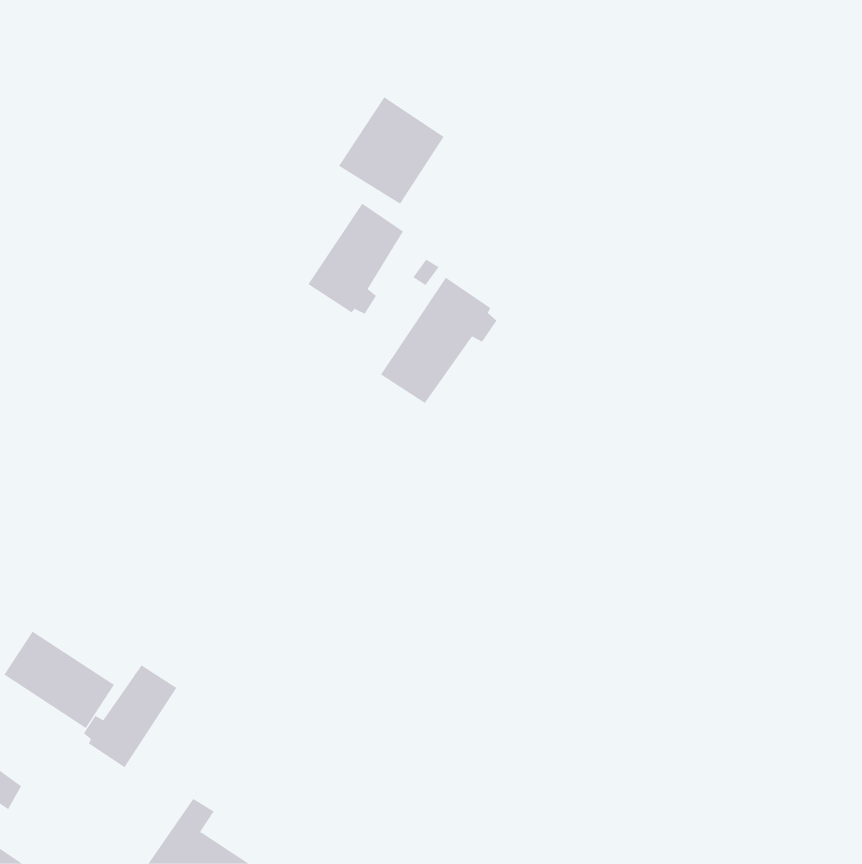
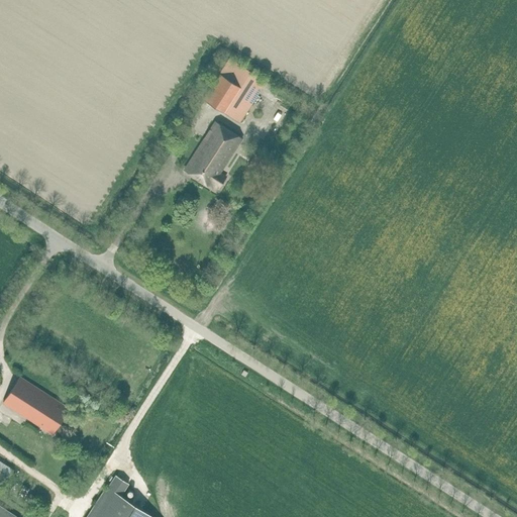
building: [380,277,497,404] -> none
building: [83,665,177,768] -> none

